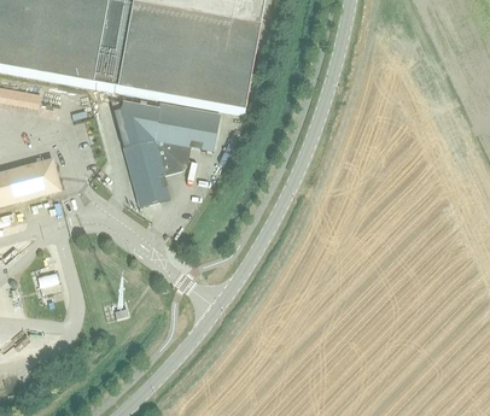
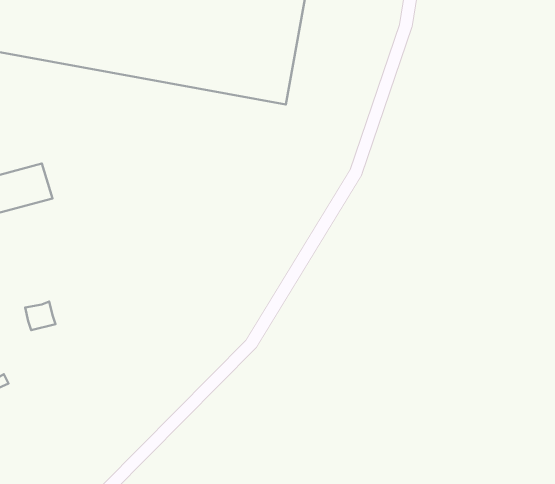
building: [110,96,217,203] -> none

